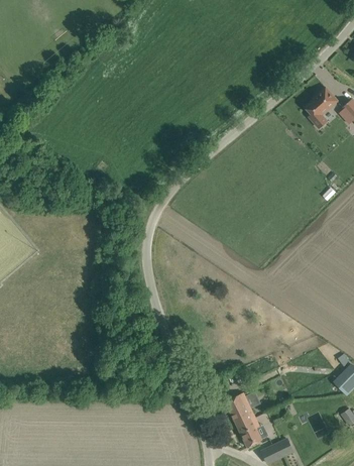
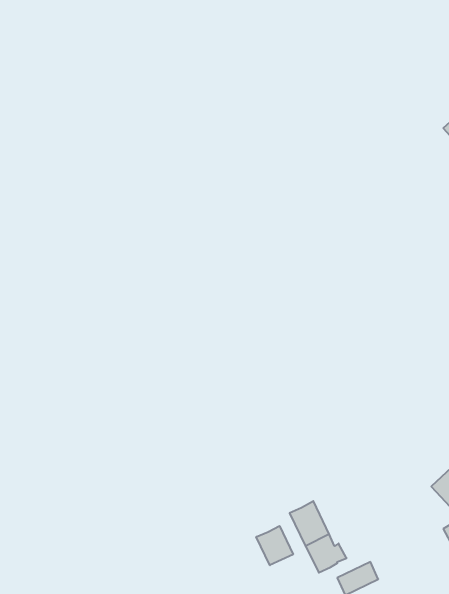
building: [305,88,337,128] -> none
building: none -> [256,526,293,565]

